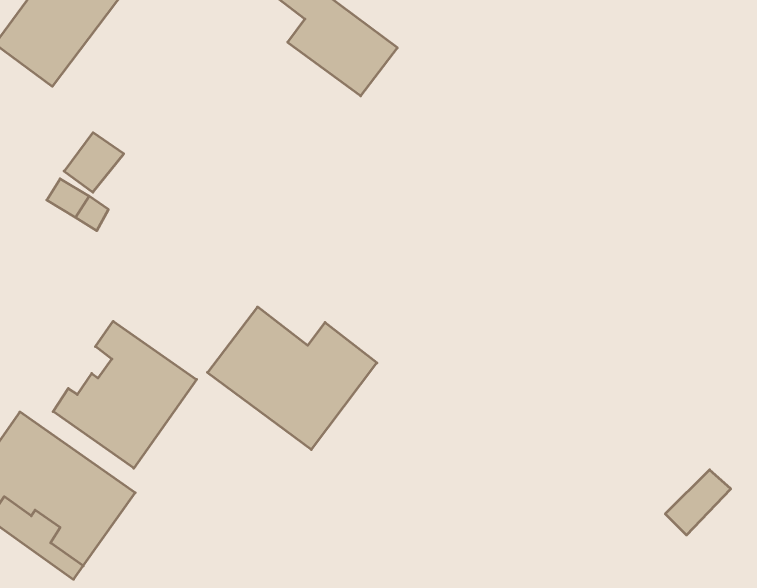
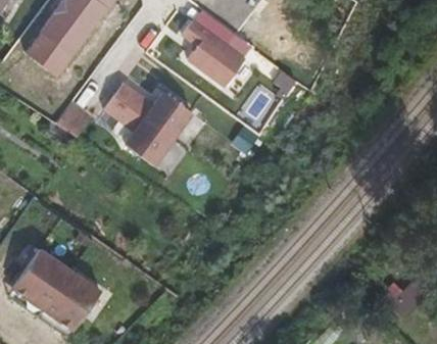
building: [207,307,377,450] -> [101,81,191,156]
building: [53,321,197,468] -> none

